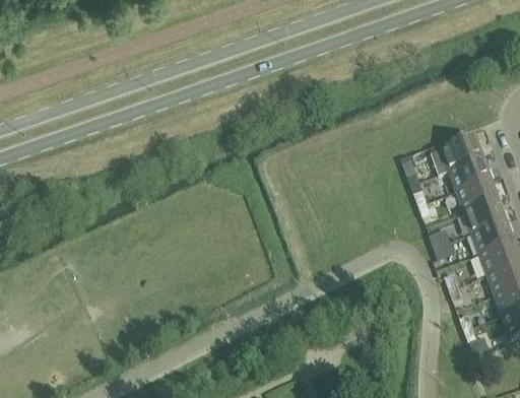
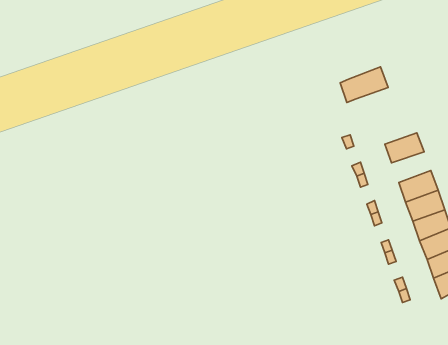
building: [432,135,483,174] -> [340,67,388,102]
building: [456,178,499,211] -> none

